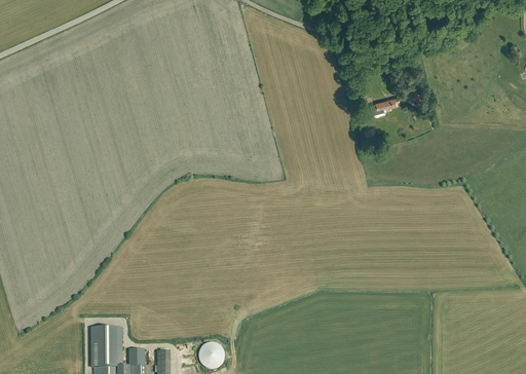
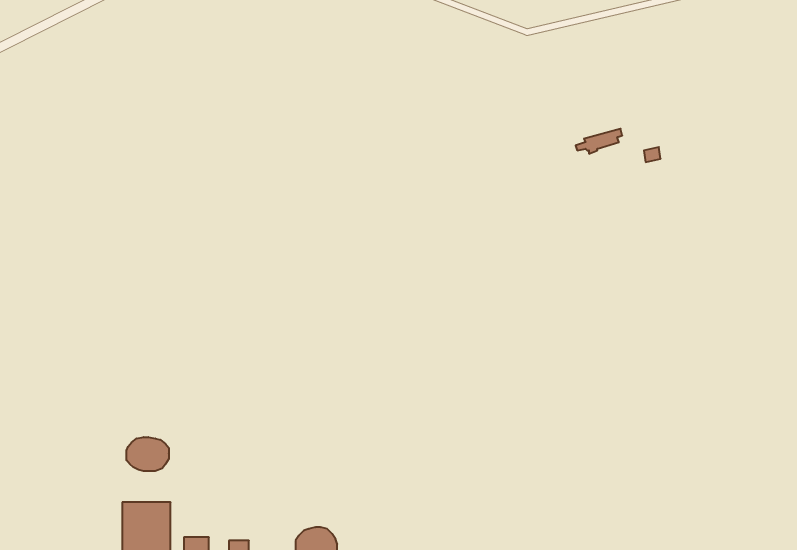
building: none -> [126,437,169,471]

